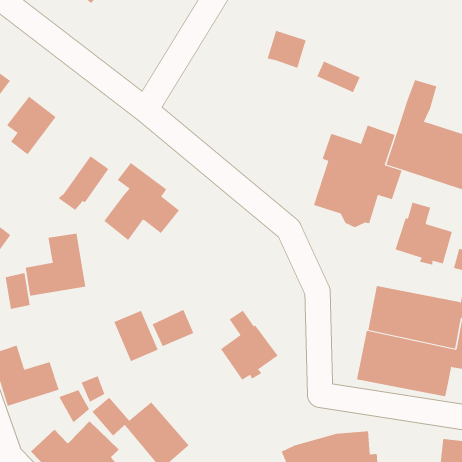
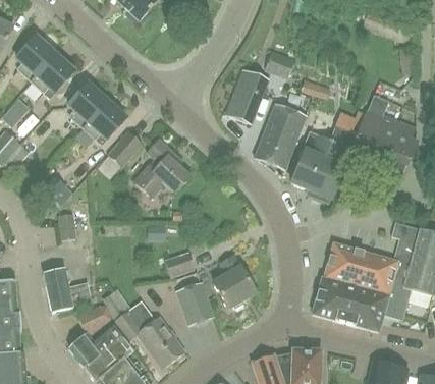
building: none -> [226,67,268,122]
building: none -> [254,103,305,168]
building: none -> [83,100,126,144]
building: [395,202,452,266] -> none
building: [25,233,86,296] -> none
building: [114,310,159,362] -> [179,281,211,319]

